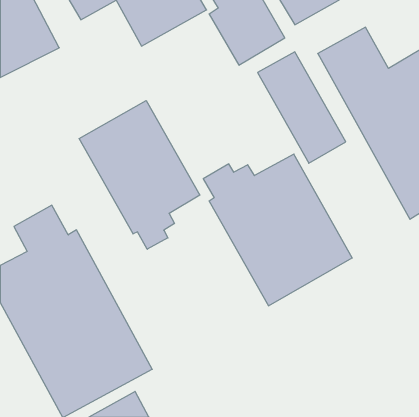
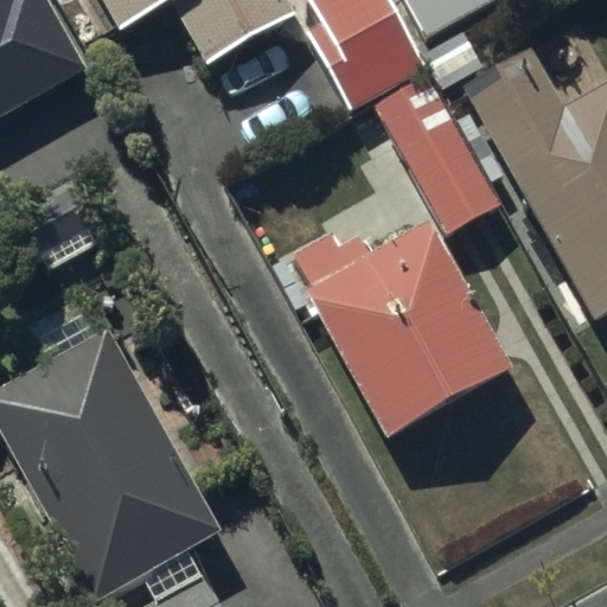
building: [79,101,200,249] -> none

